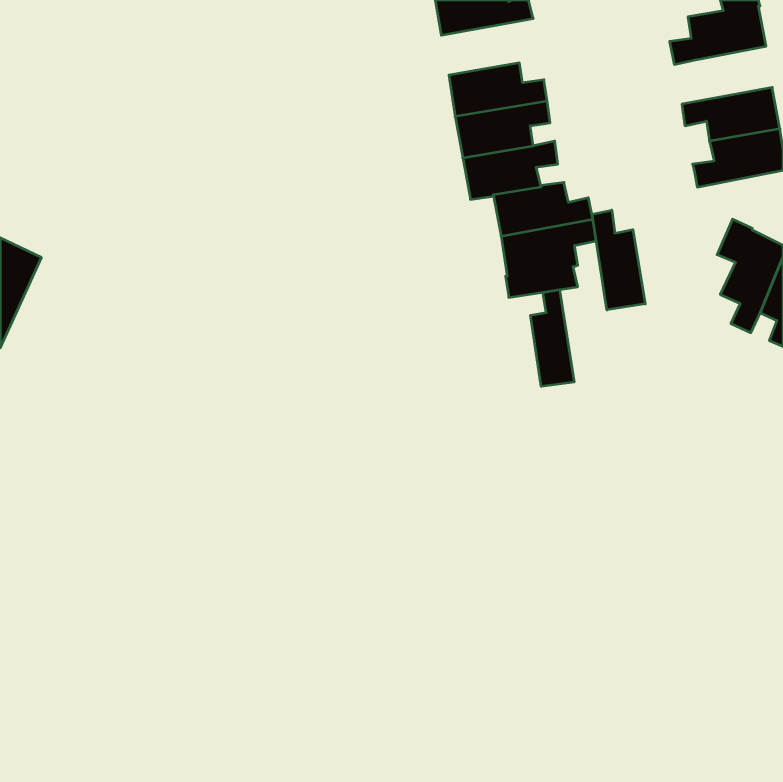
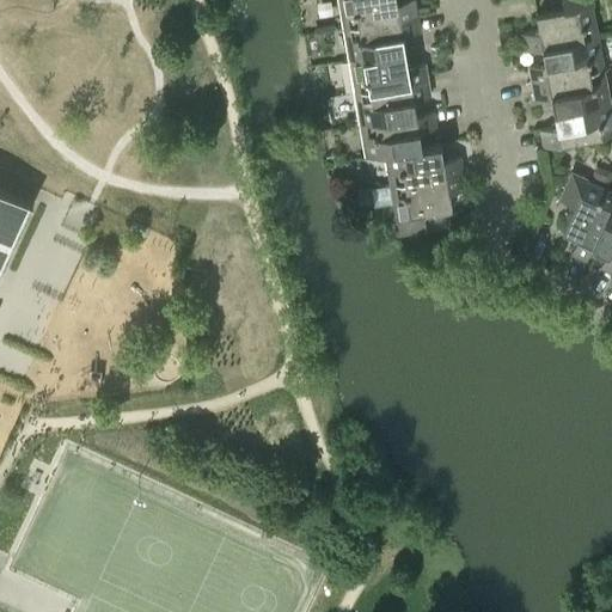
building: none -> [344,16,418,60]
building: none -> [528,37,602,82]
building: [592,210,645,310] -> none
building: [531,290,574,386] -> none

